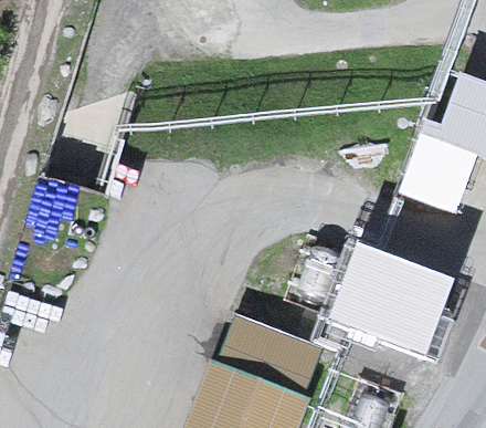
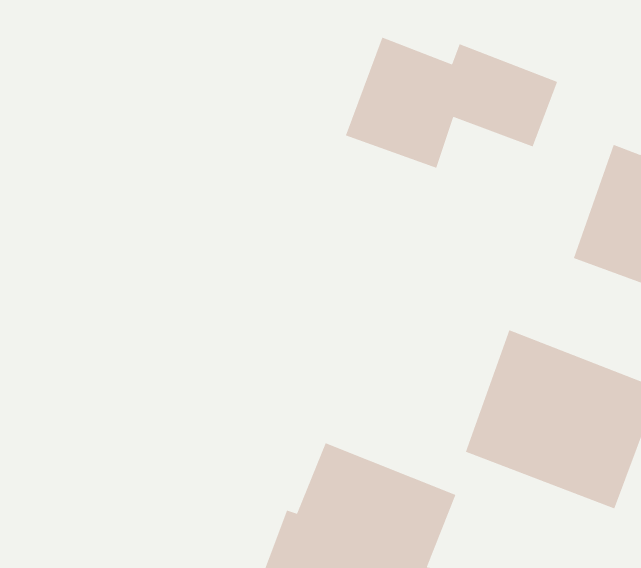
building: none -> [345,36,558,169]

